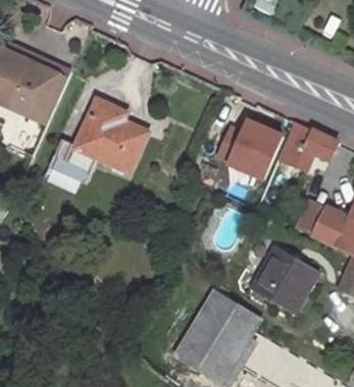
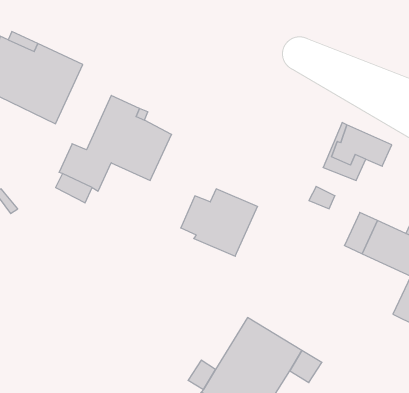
building: [216,120,283,178] -> [181,189,258,256]
building: [250,245,319,313] -> none

